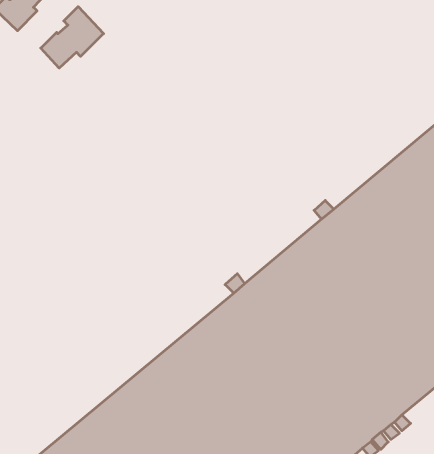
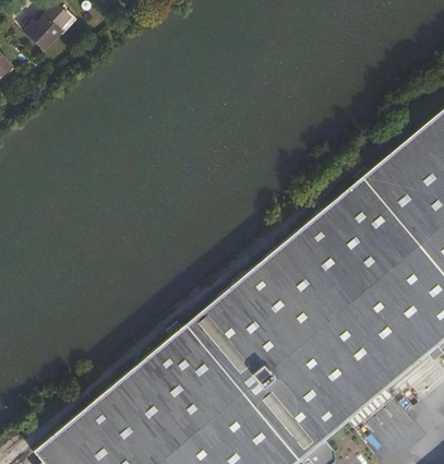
building: [41,7,104,68] -> none

